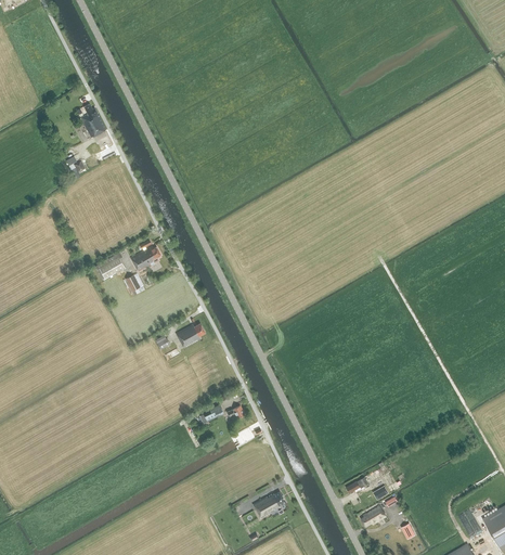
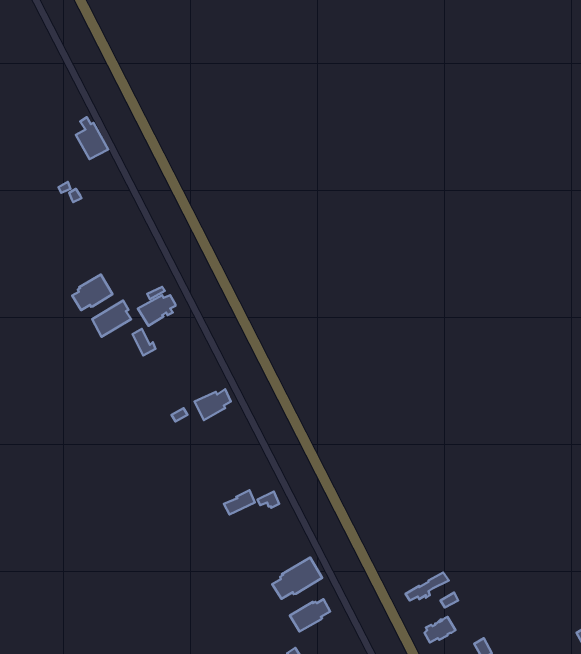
building: none -> [72,274,113,310]
building: none -> [272,558,322,599]

